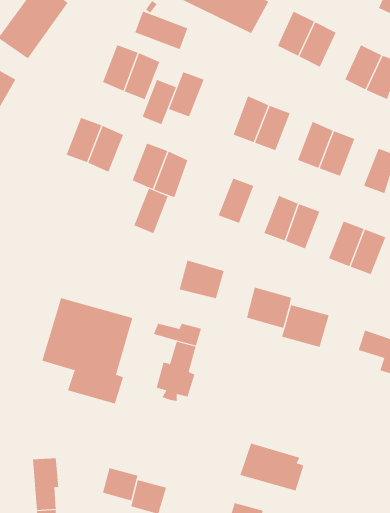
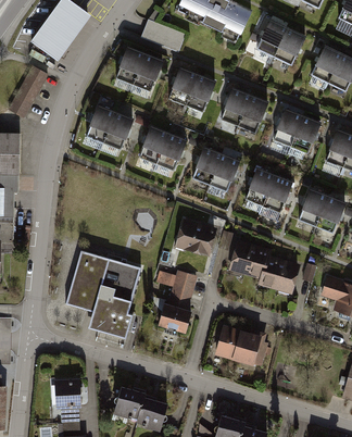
building: [142,79,177,125] -> [186,75,214,112]
building: [134,188,169,234] -> [192,148,221,185]
building: [240,443,304,491] -> [215,326,267,365]

